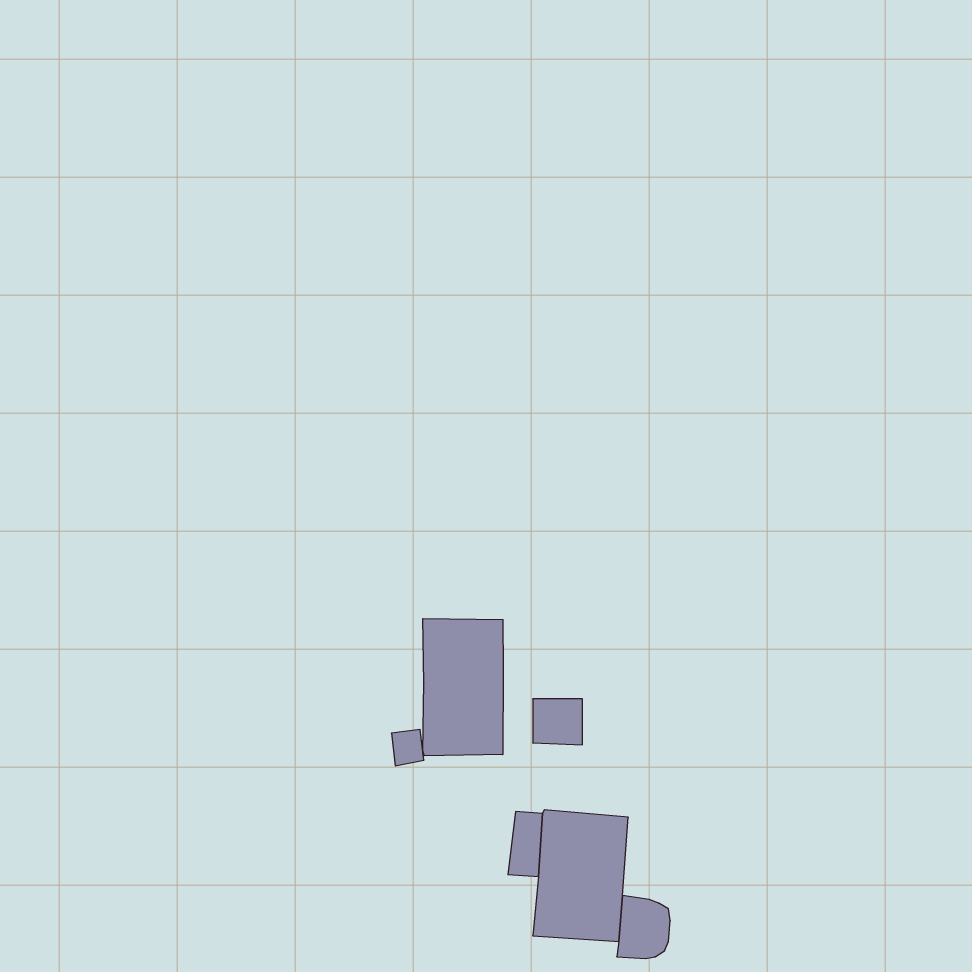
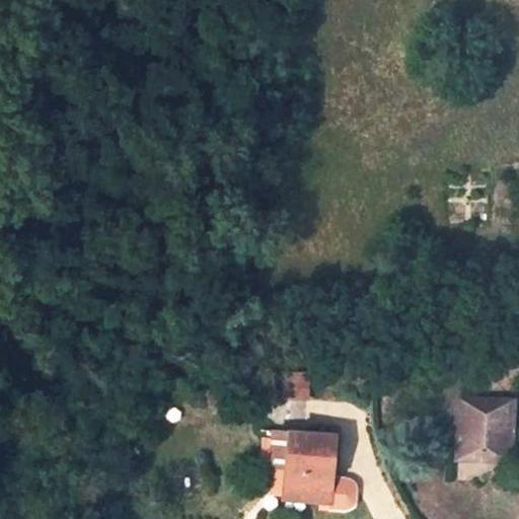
building: [423,619,503,756] -> none
building: none -> [456,397,511,458]

